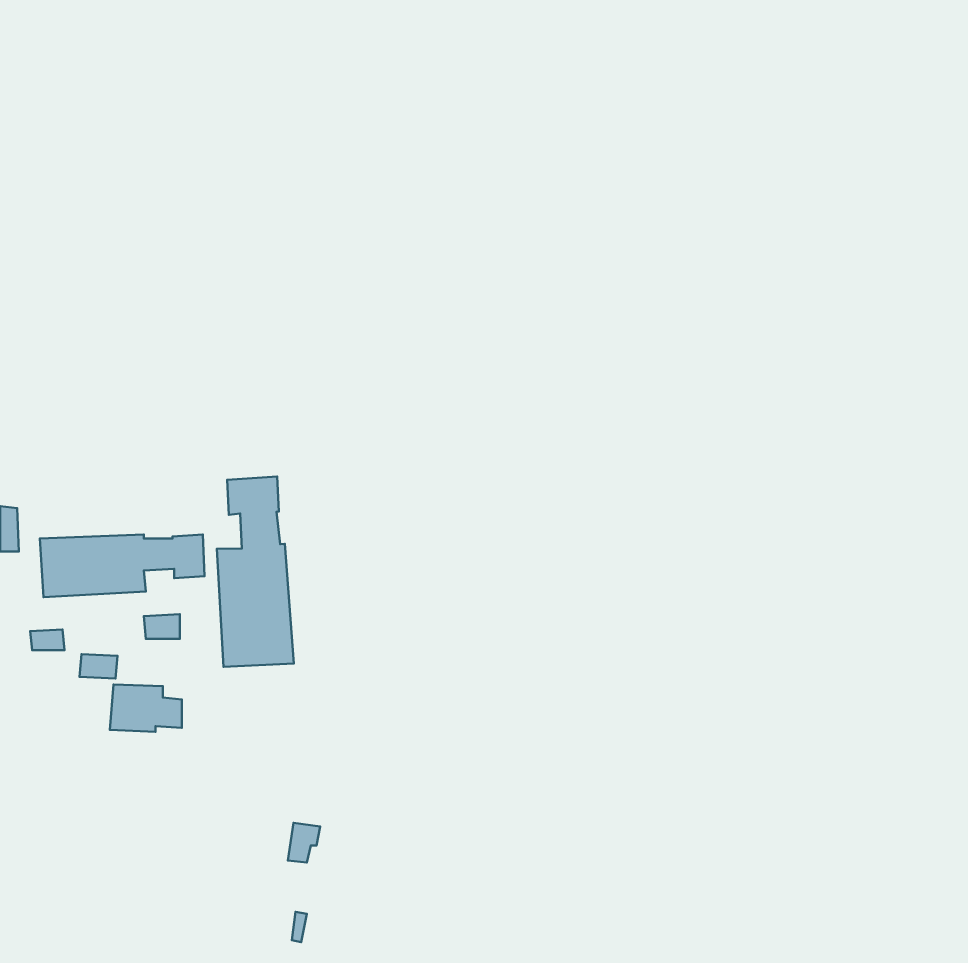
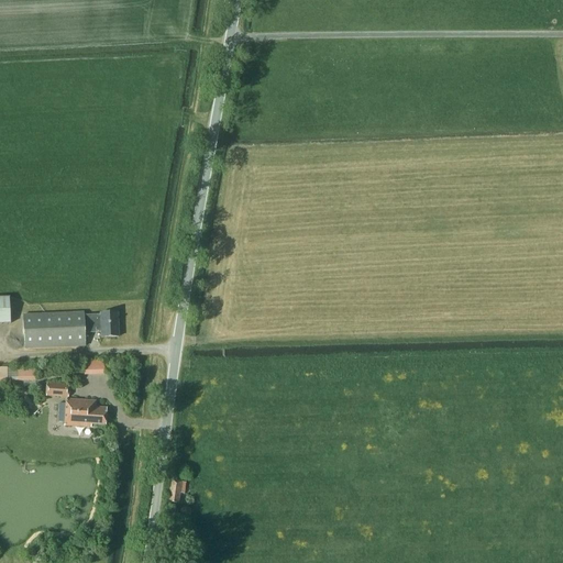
building: [217,476,294,667] -> none

